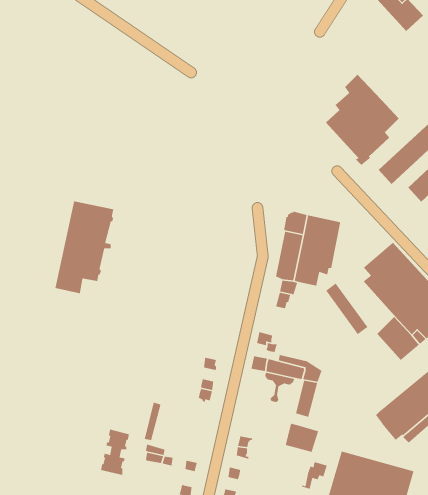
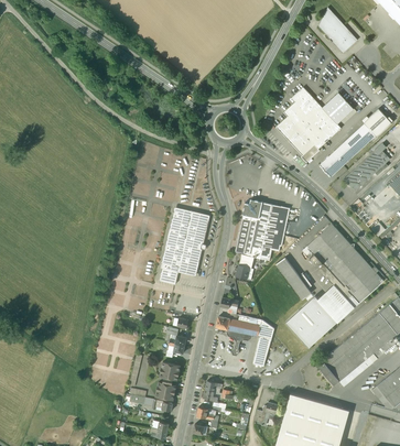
building: none -> [323,93,354,123]
building: [55,201,114,294] -> [160,209,208,285]
building: none -> [285,295,338,347]
building: [285,423,319,453] -> none
building: [100,428,130,476] -> [155,361,180,400]

